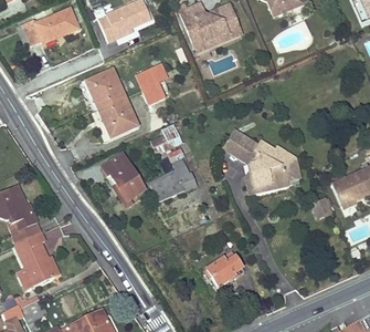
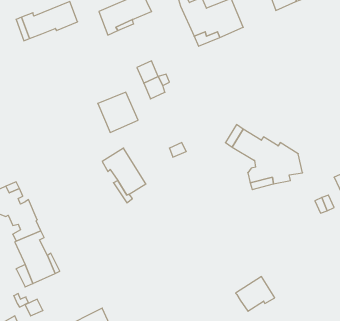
building: [85,69,125,108] -> none
building: [146,123,181,149] -> none
building: [149,167,195,203] -> none
building: [205,252,244,287] -> [236,277,275,311]

